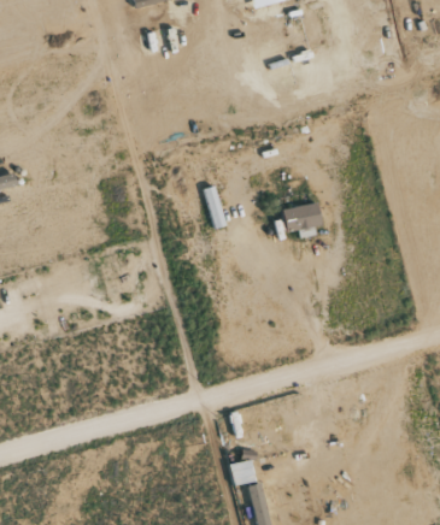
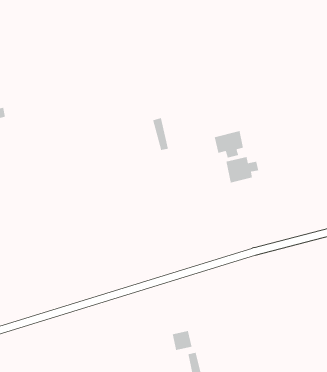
building: none -> [226,156,259,183]

